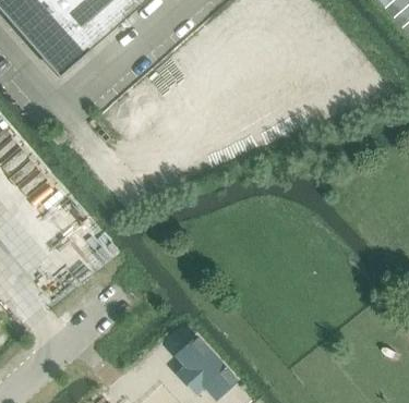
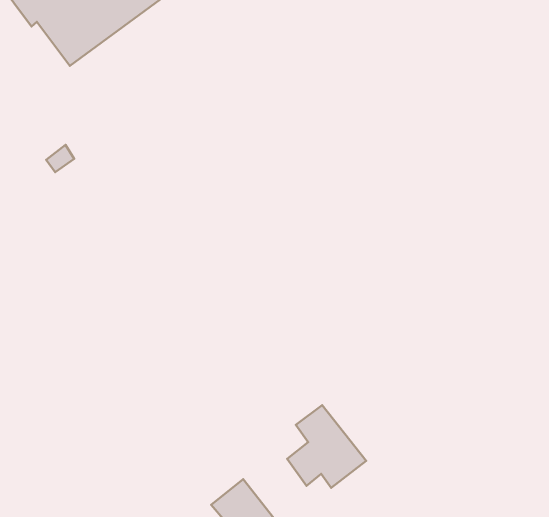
building: none -> [287,405,366,488]

